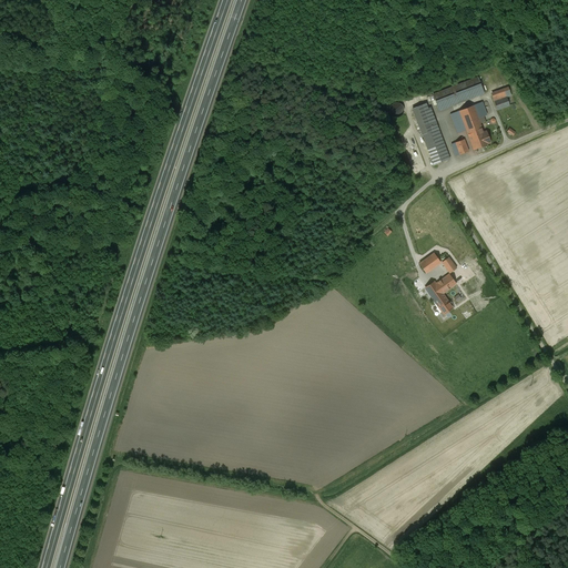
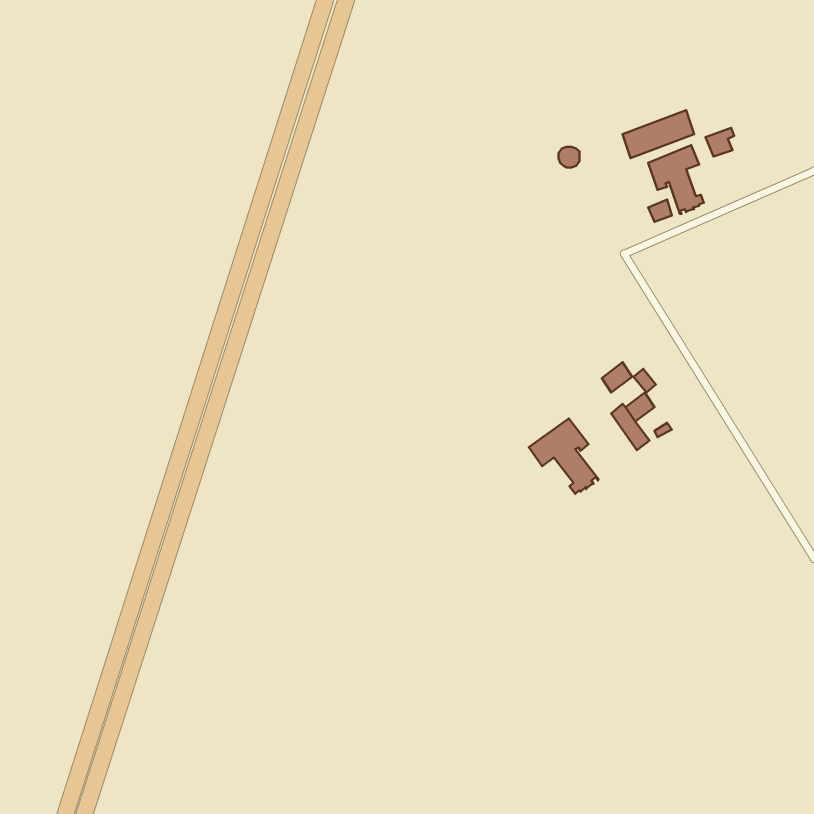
building: [412,104,448,164] -> none
building: none -> [529,419,599,494]

